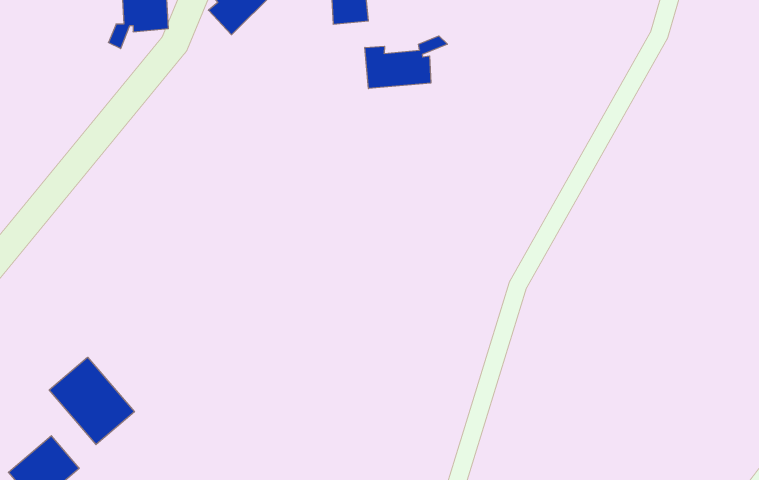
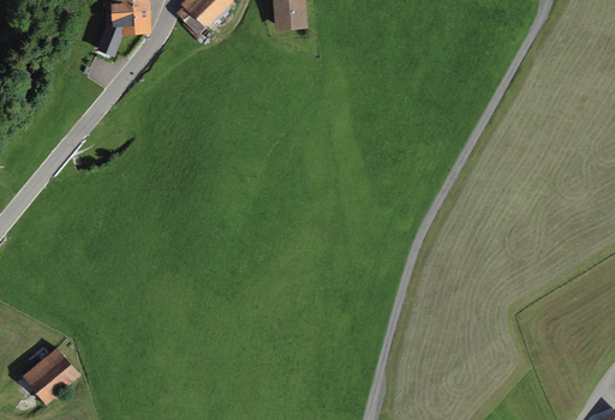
building: [365,36,447,89] -> none
building: [49,357,134,445] -> none

